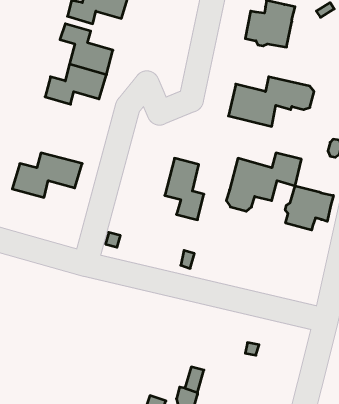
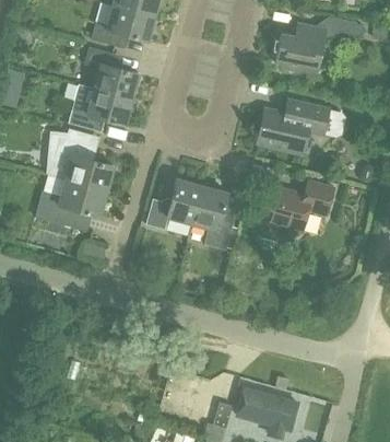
building: none -> [45,127,113,191]
building: none -> [145,179,201,230]
building: [285,186,333,230] -> none
building: none -> [235,385,299,429]

